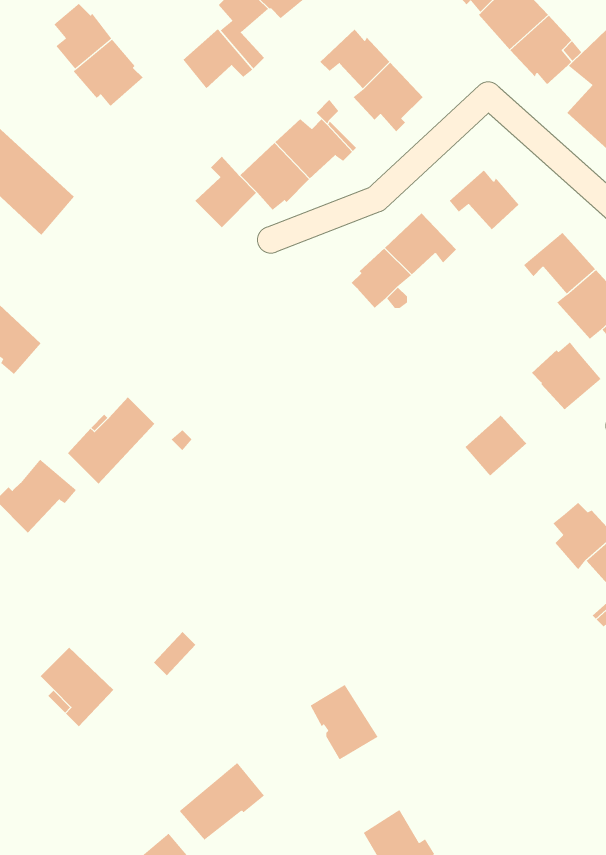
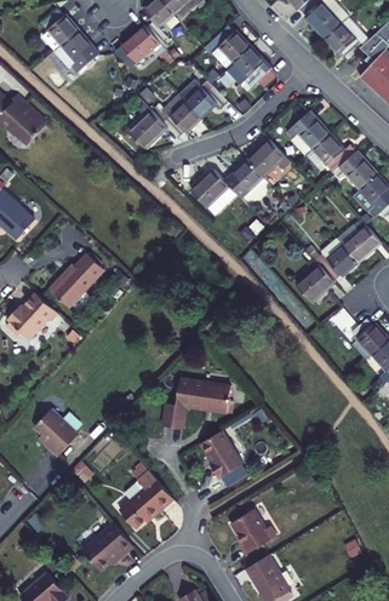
building: none -> [313,134,356,172]
building: none -> [190,170,229,208]
building: none -> [315,245,357,281]
building: none -> [162,379,229,429]

